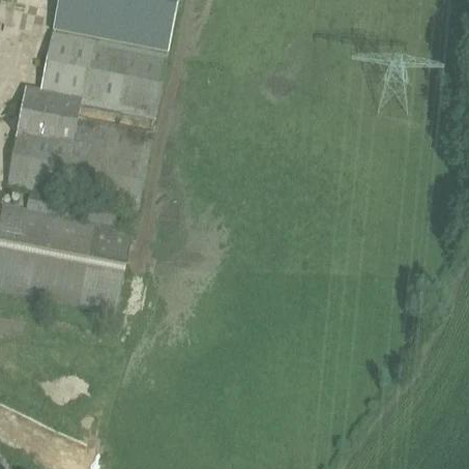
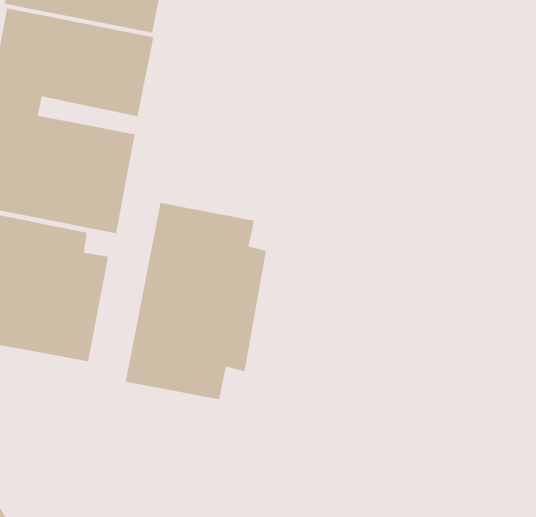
building: none -> [125,202,267,400]

